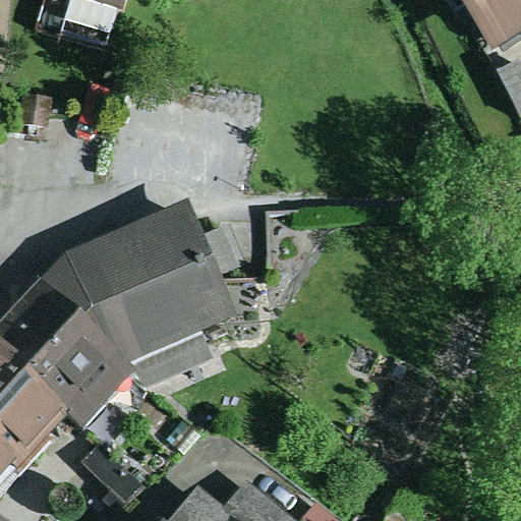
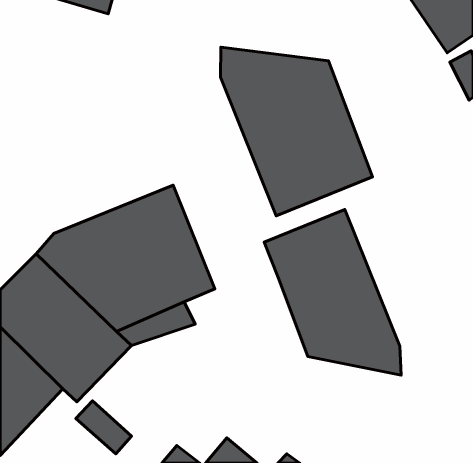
building: none -> [221,47,373,216]
building: none -> [264,209,401,375]

